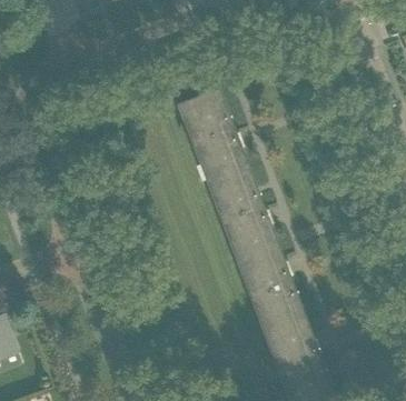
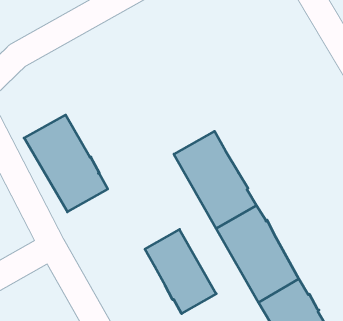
building: [176,86,248,179] -> [24,115,108,212]
building: none -> [145,229,216,314]

